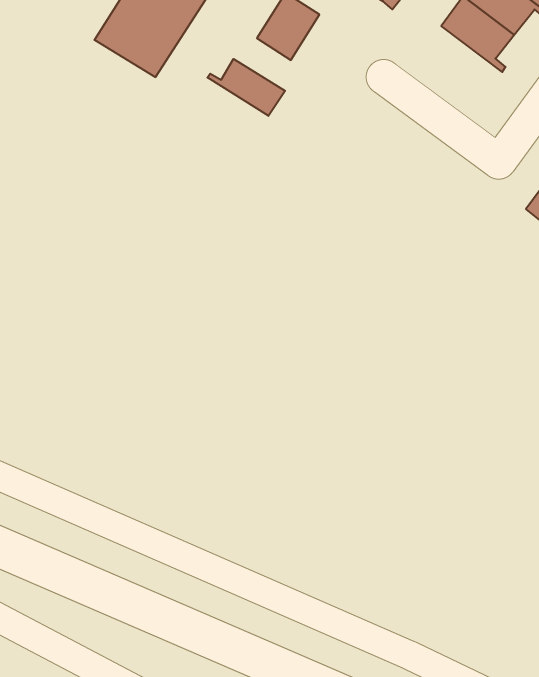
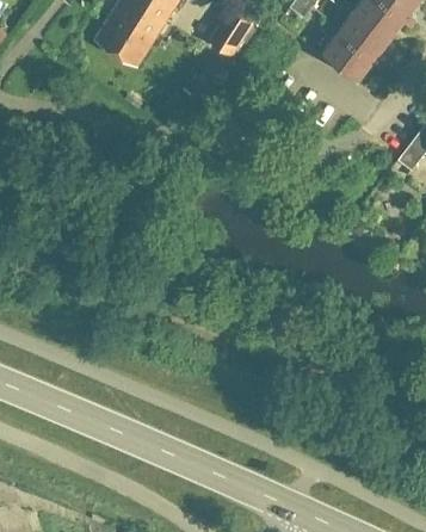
building: none -> [322,33,381,80]
building: [207,59,285,116] -> none

